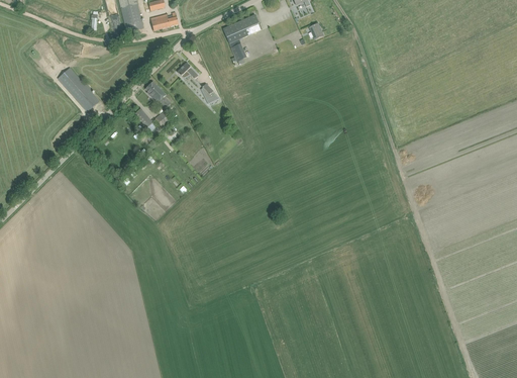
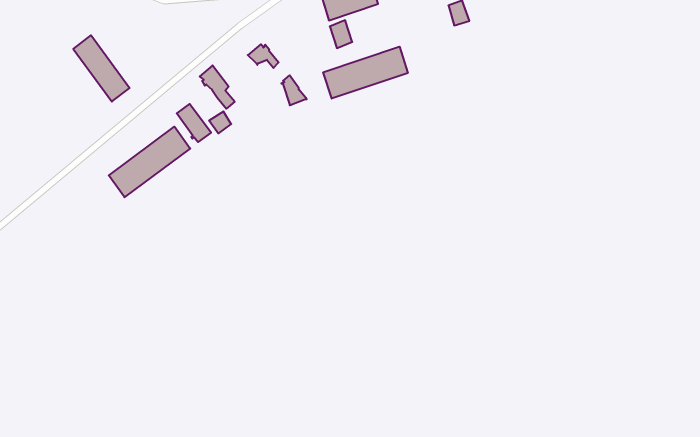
building: none -> [323,47,408,99]
building: none -> [109,127,190,197]

